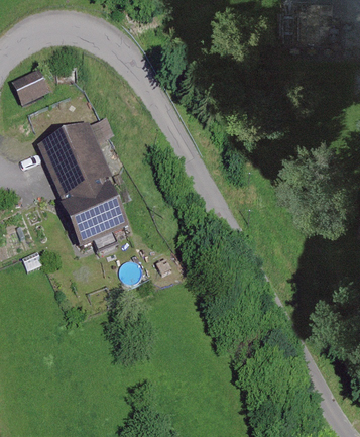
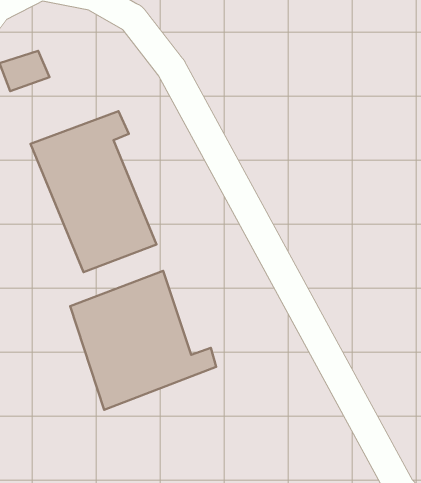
building: none -> [70,271,216,410]

